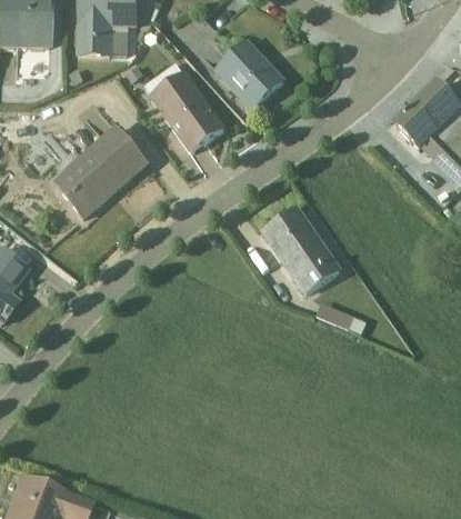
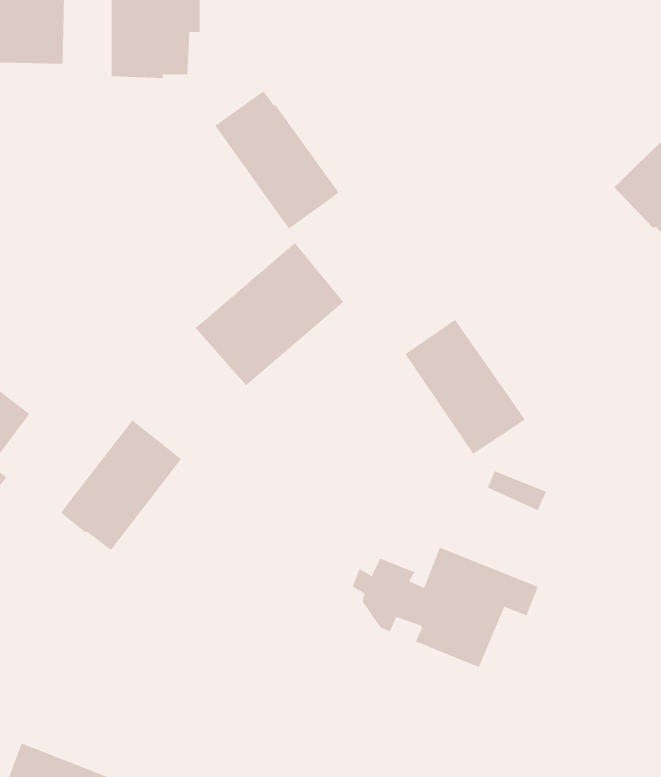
building: [219,42,284,107] -> none
building: [53,124,148,216] -> [195,242,344,386]
building: none -> [60,420,182,551]
building: none -> [352,547,538,668]

